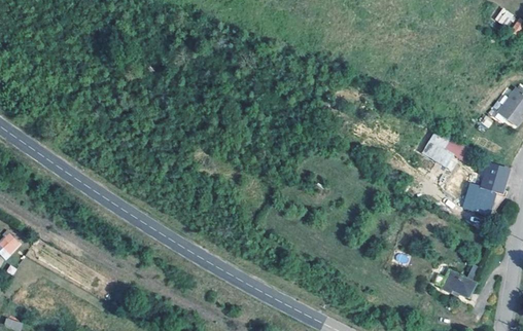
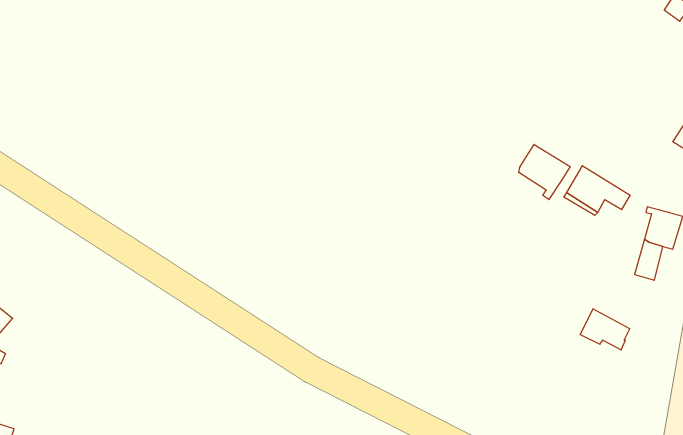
building: none -> [519,144,570,200]
building: [438,266,474,296] -> [580,309,630,350]

